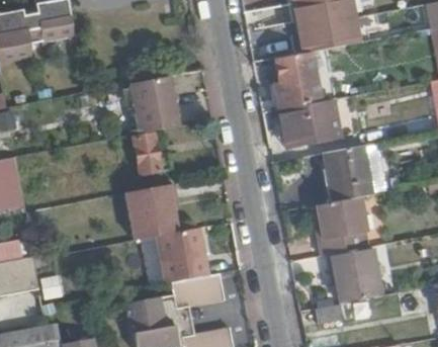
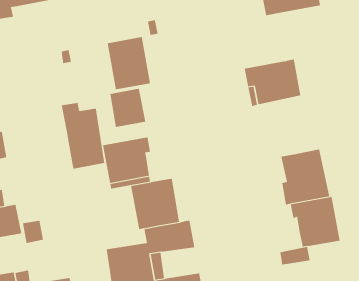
building: [276,51,323,105] -> none
building: [324,145,374,201] -> none
building: none -> [61,102,105,169]

